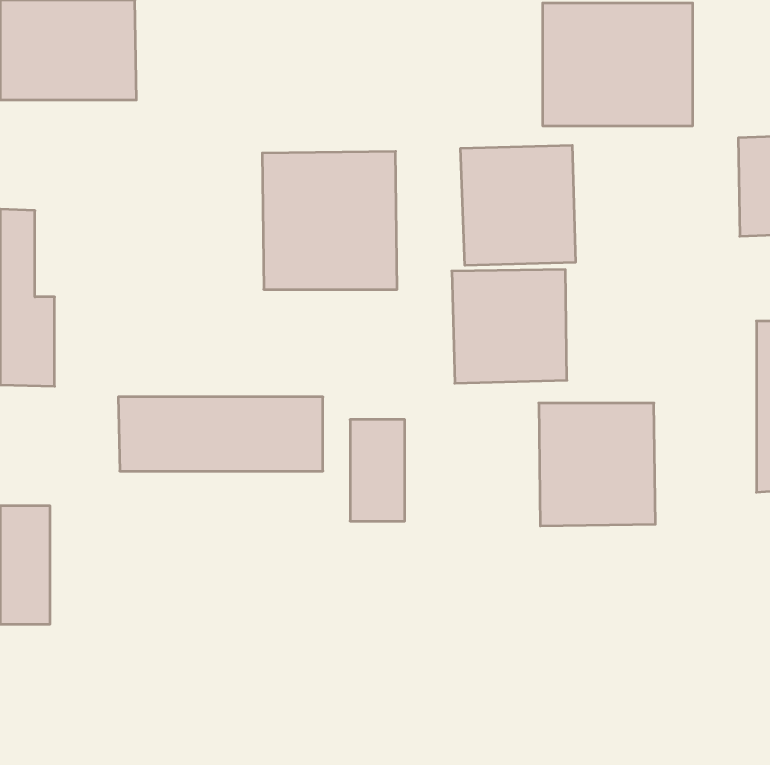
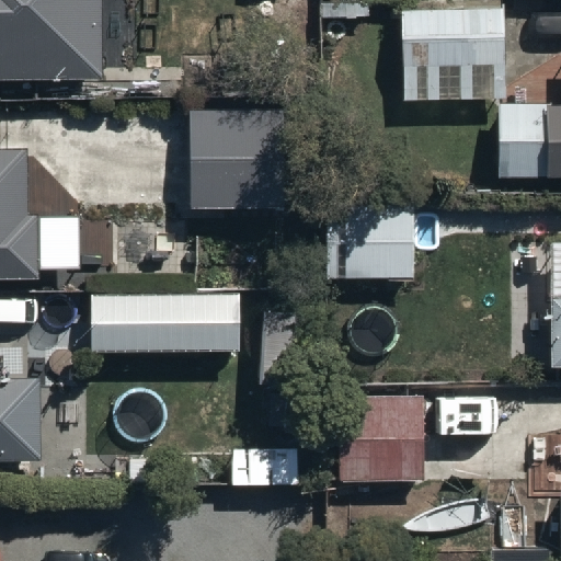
building: [461,145,575,265] -> none
building: [539,403,655,526] -> [339,394,423,483]

